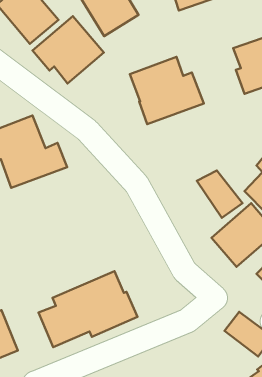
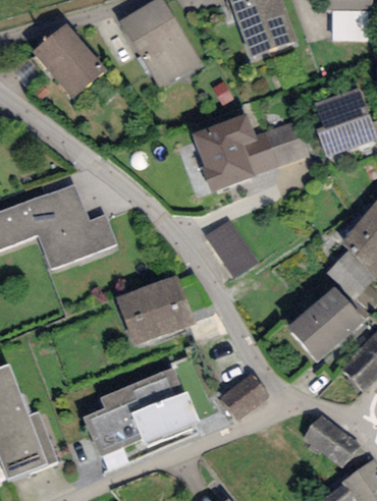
building: [33,16,104,83] -> none
building: none -> [264,119,309,168]
building: [197,171,243,218] -> [205,222,259,278]
building: none -> [115,275,194,345]
building: none -> [220,374,269,421]

